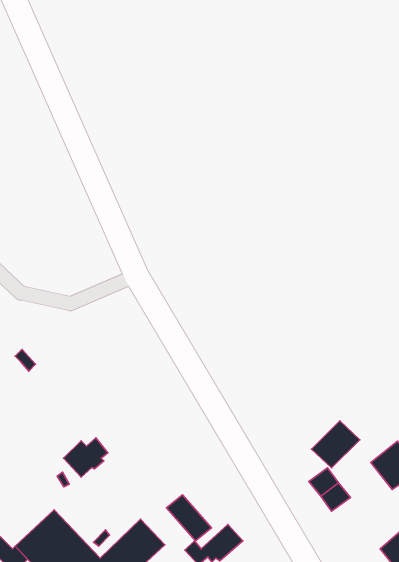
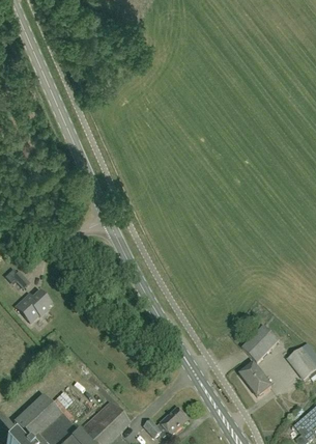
building: [64,438,108,477] -> [15,290,49,321]
building: [166,495,212,541] -> none

